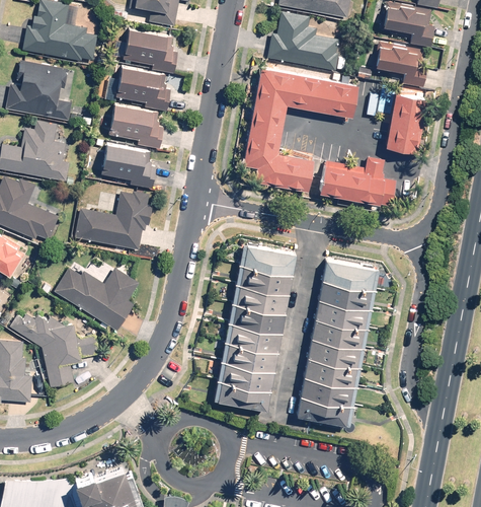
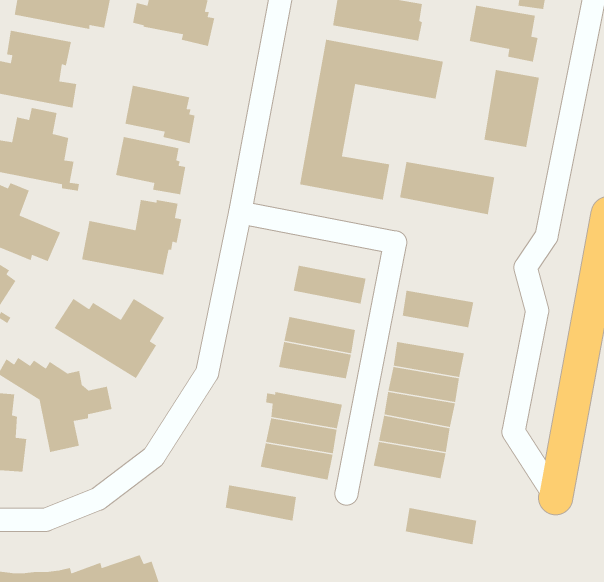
building: [115,66,171,111] -> none
building: [235,263,291,292] -> none
building: [318,282,374,310] -> none
building: [224,321,279,350] -> [225,485,297,521]
building: [297,397,352,427] -> [405,507,477,545]

